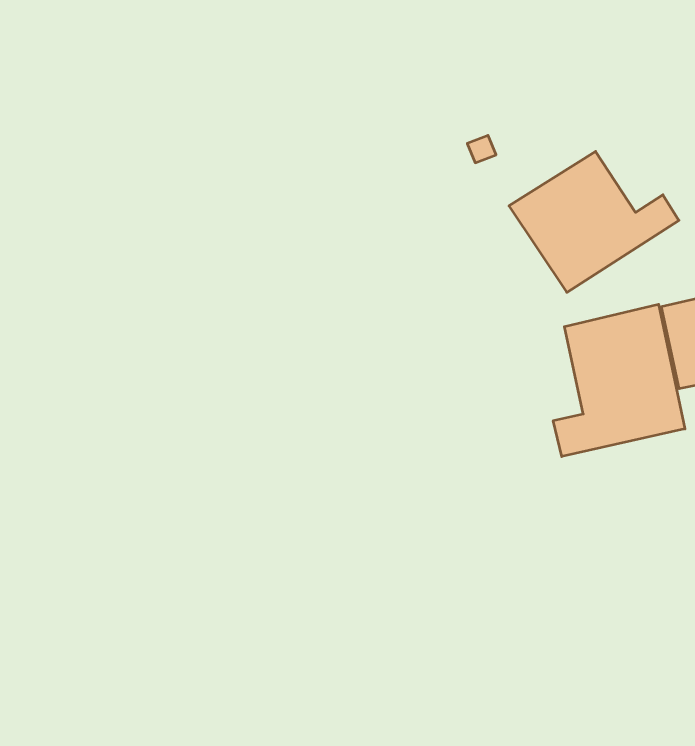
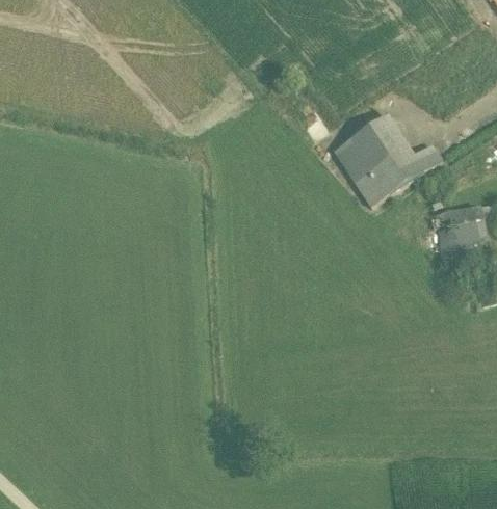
building: [553,304,685,457] -> none

